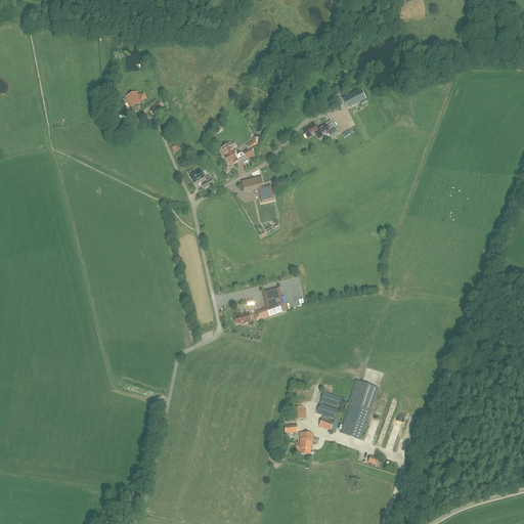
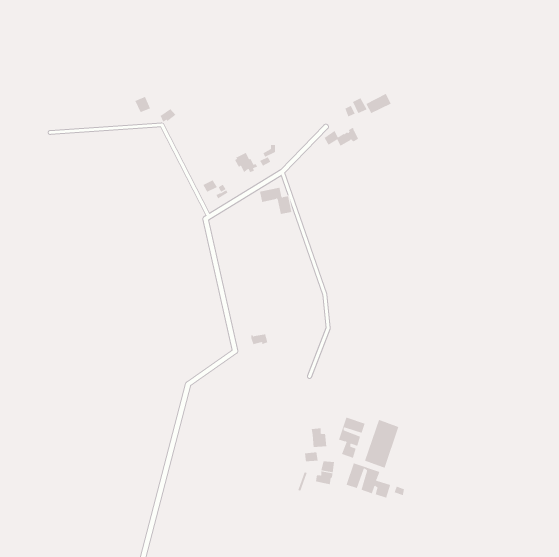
building: [258,288,283,317] -> none
building: none -> [346,463,391,499]

